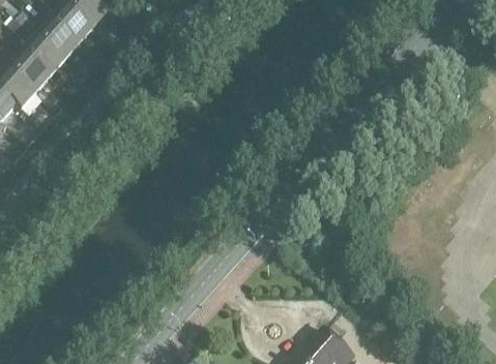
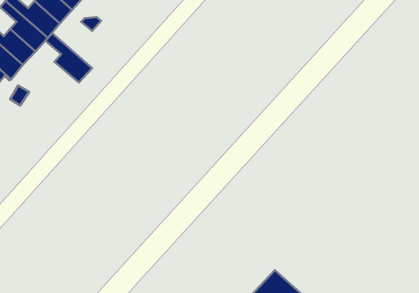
building: none -> [45,33,92,82]

